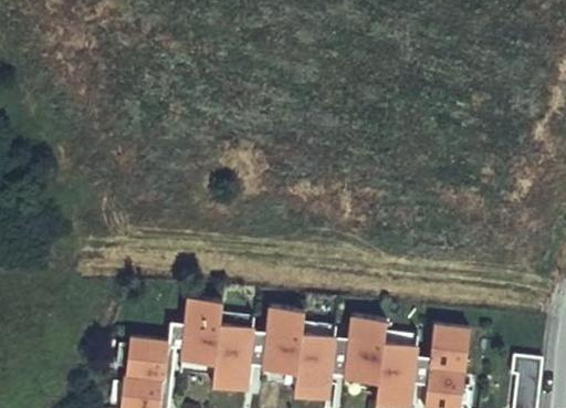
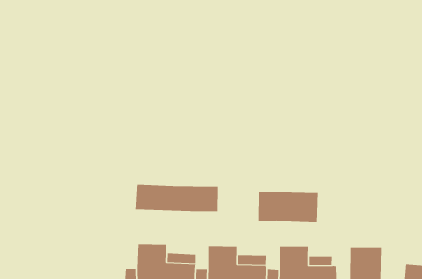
building: none -> [135,184,218,212]
building: none -> [258,191,318,223]

